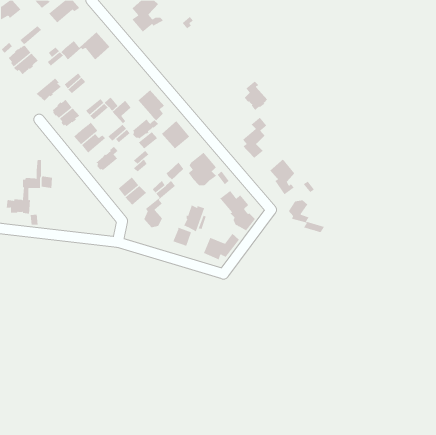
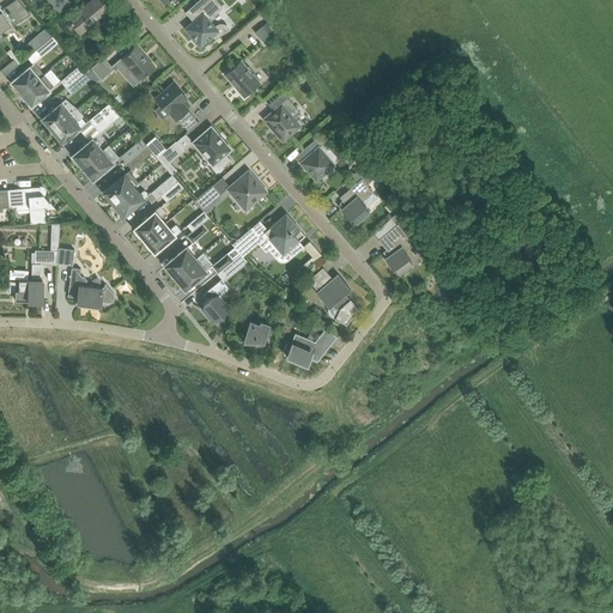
building: none -> [225,61,260,98]
building: none -> [156,83,188,121]
building: none -> [263,93,301,142]
building: none -> [42,99,78,133]
building: [244,81,268,111] -> [301,139,334,181]
building: [132,119,159,139] -> [145,224,182,253]
building: none -> [8,187,53,224]
building: none -> [68,268,115,308]
building: [288,199,325,233] -> none
building: [184,205,205,232] -> none

